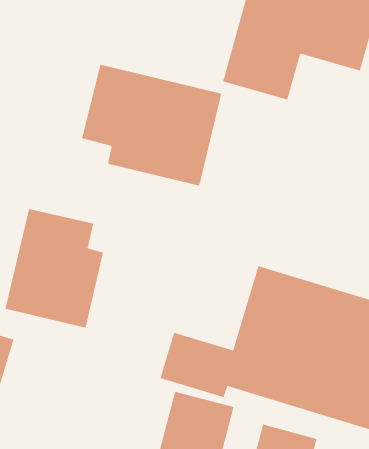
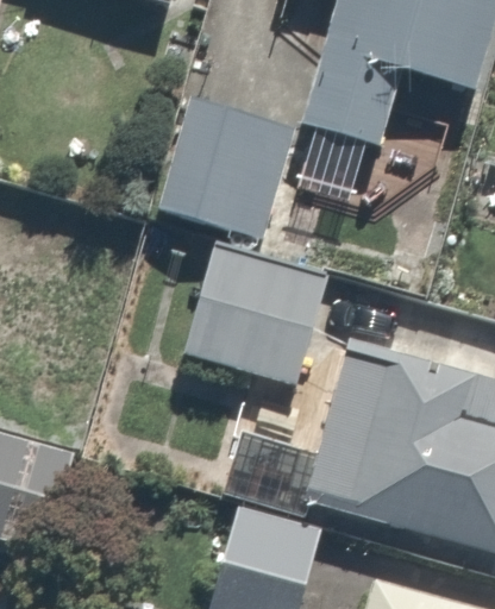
building: none -> [182,244,342,396]
building: [4,208,104,328] -> none

